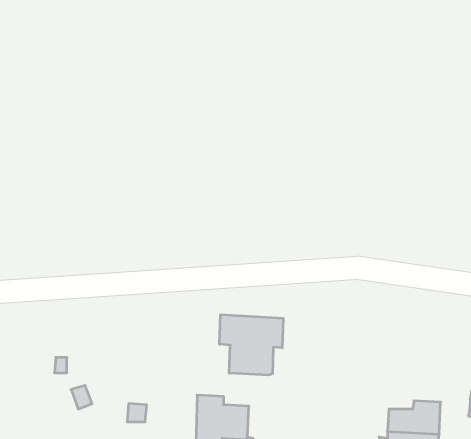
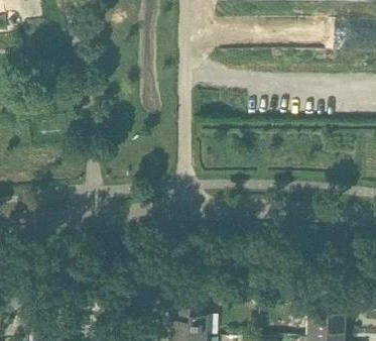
building: [220,315,283,375] -> none

